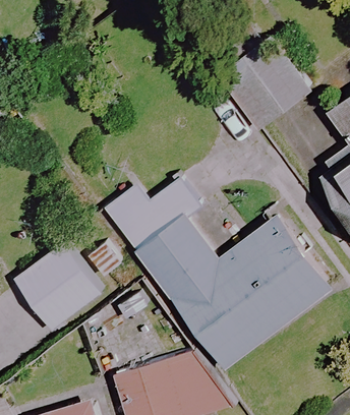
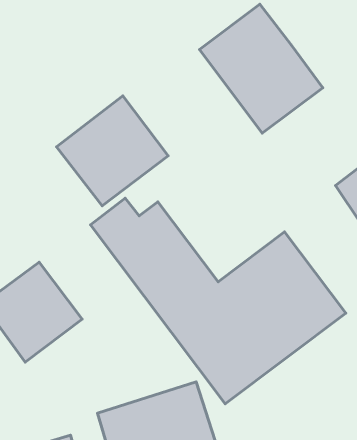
building: none -> [56,96,168,206]

